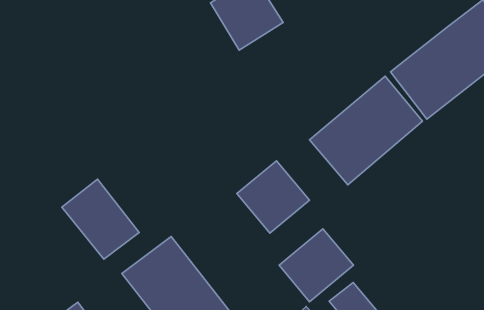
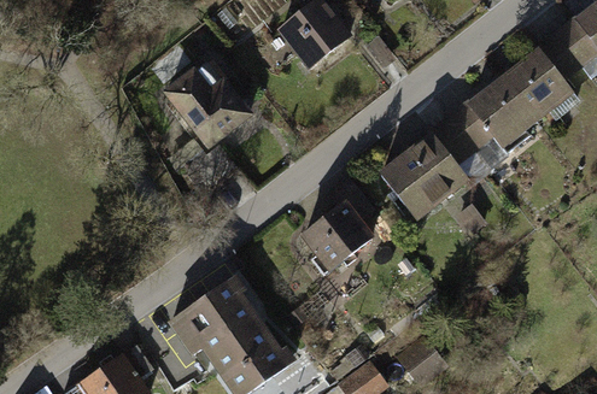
building: none -> [148,49,244,146]
building: [62,179,139,259] -> none
building: [279,229,353,302] -> none

